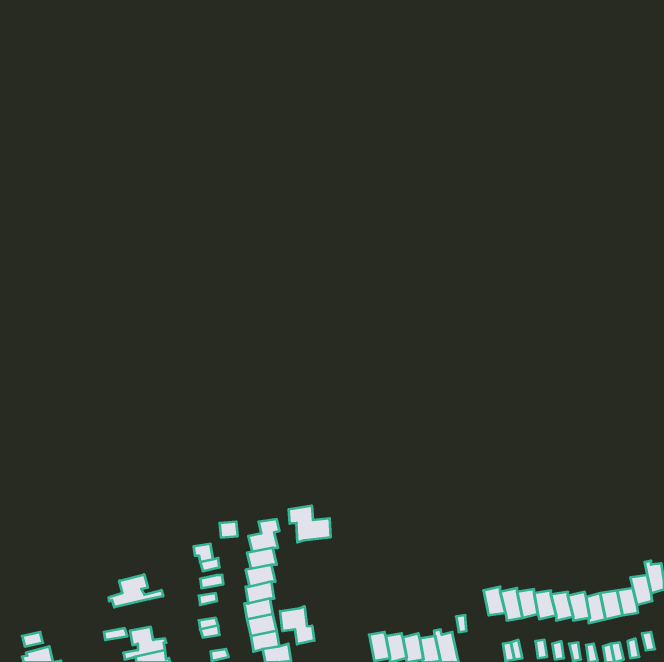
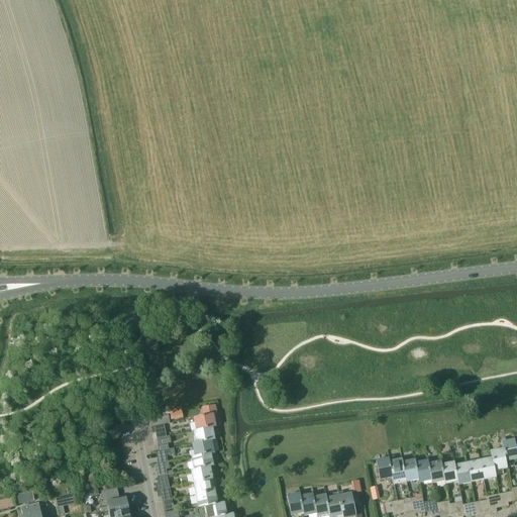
building: [289,506,330,542] -> none
building: [109,574,163,607] -> none
building: [280,606,314,644] -> none

